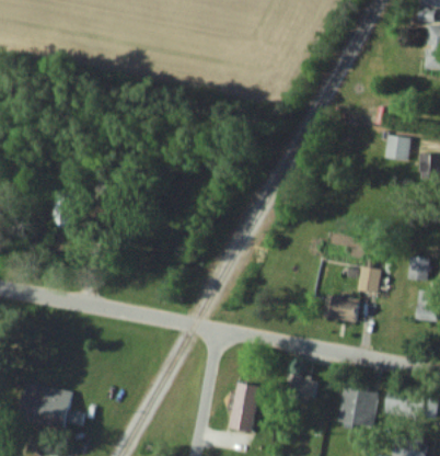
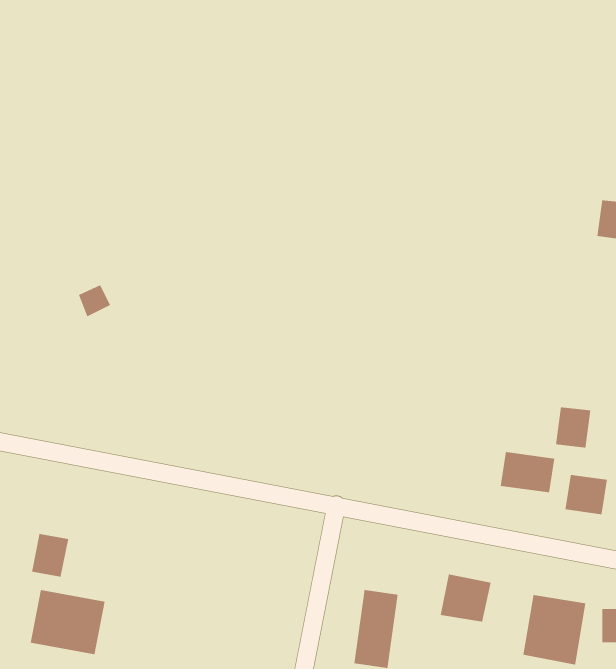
building: none -> [565,474,608,515]
building: none -> [32,533,69,577]

